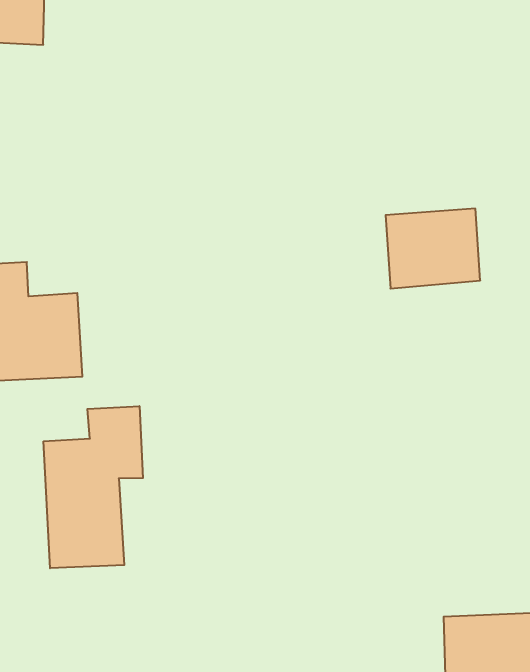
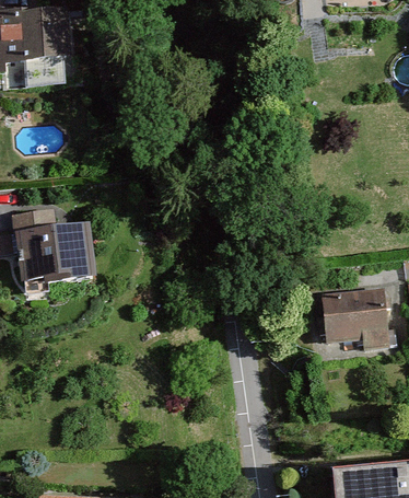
building: [386,209,480,289] -> [324,293,387,347]
building: [44,406,143,568] -> none

